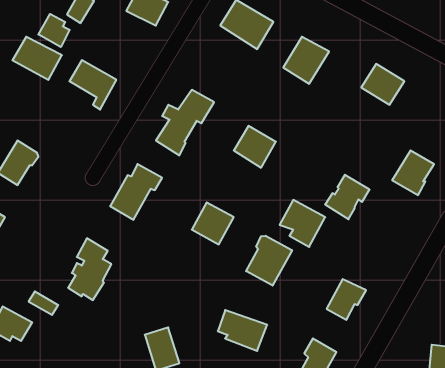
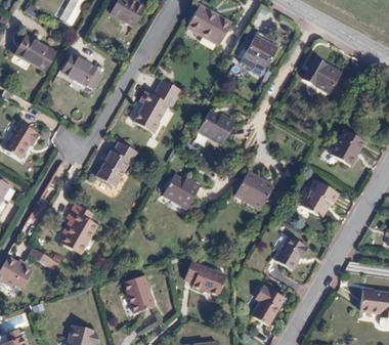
building: [38,14,70,47] -> none
building: [325,175,370,219] -> [300,179,337,216]
building: [246,236,292,286] -> none

